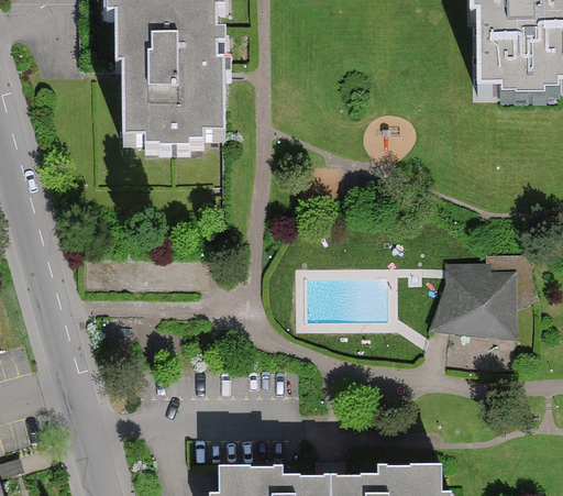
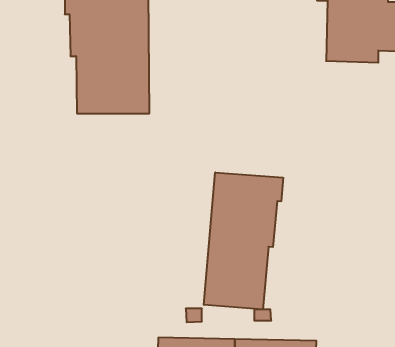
building: none -> [204,172,283,309]
building: [442,264,519,334] -> none

